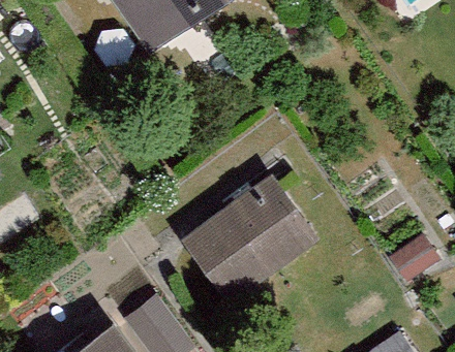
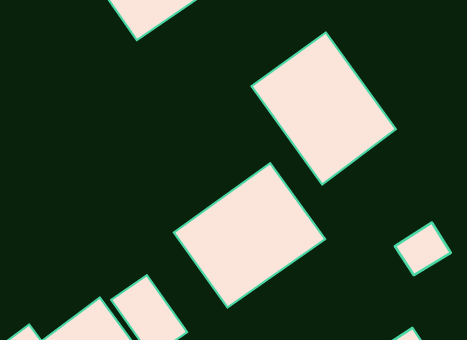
building: none -> [251,33,396,184]

